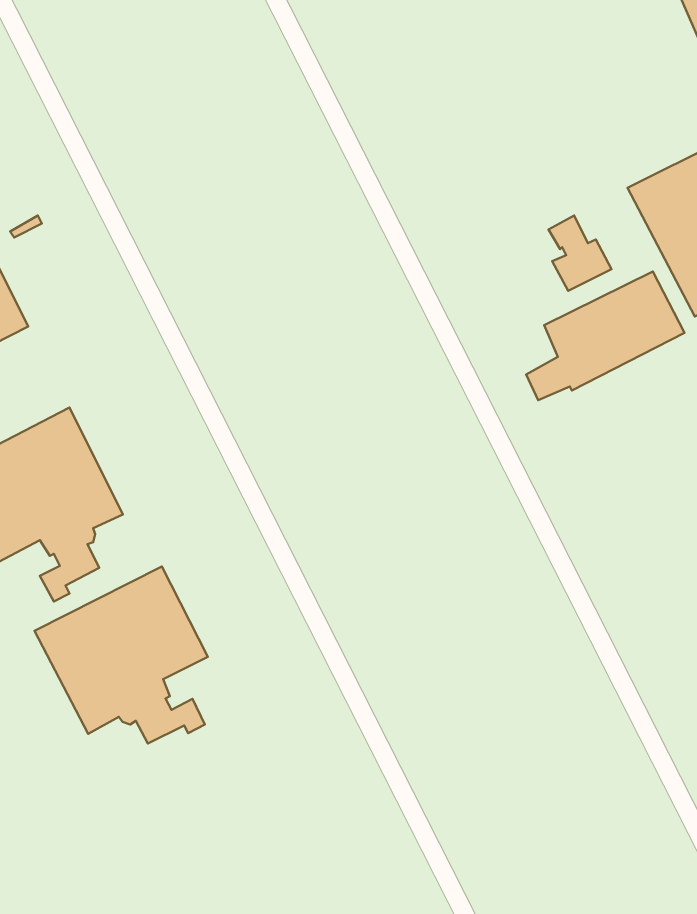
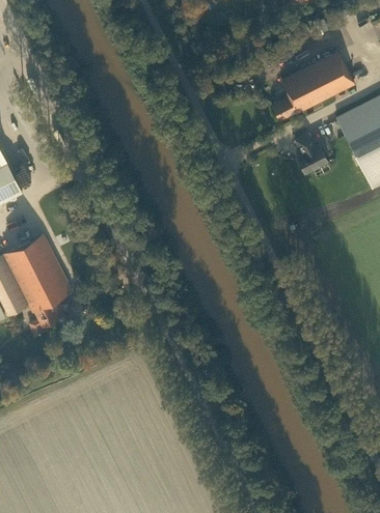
building: [526,272,685,400] -> [271,52,354,119]
building: [34,566,208,744] -> none

